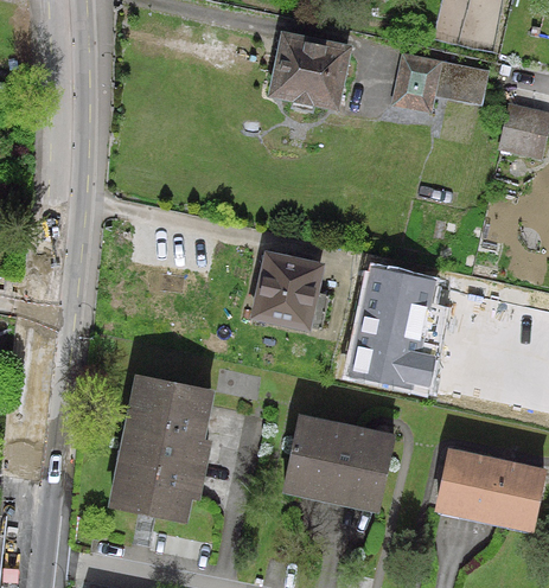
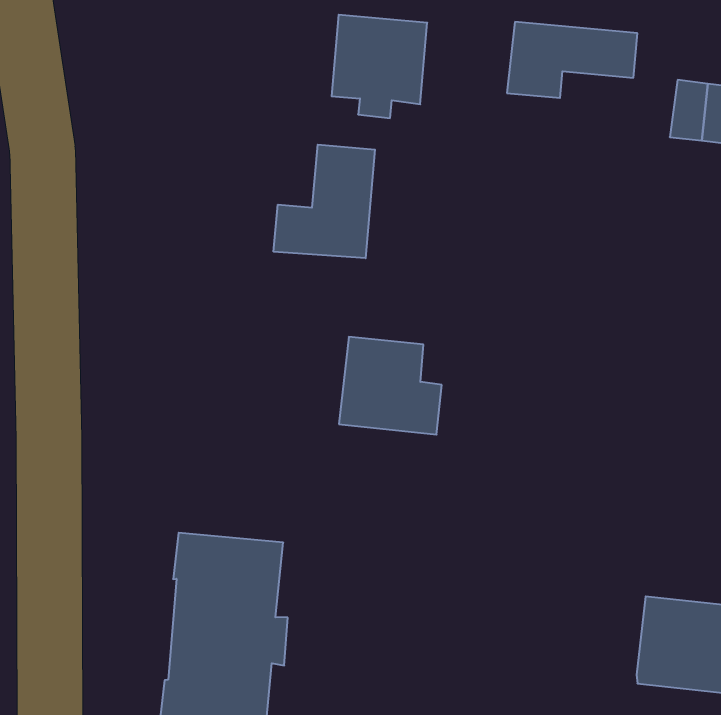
building: none -> [274,145,375,258]
building: [351,264,445,382] -> none
building: [283,416,392,505] -> none

